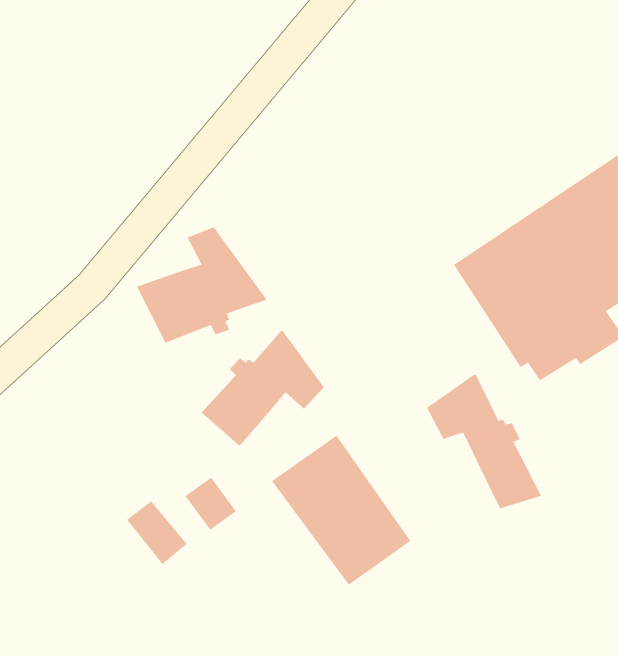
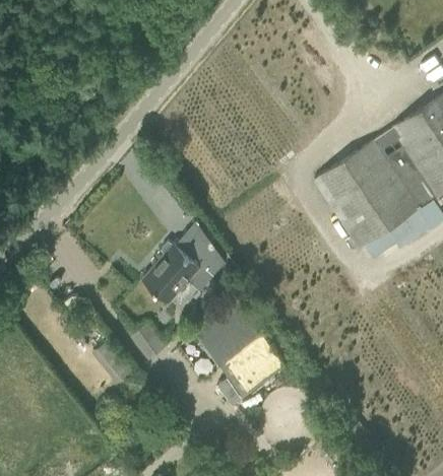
building: [136,226,267,344] -> none
building: [426,373,542,509] -> none

